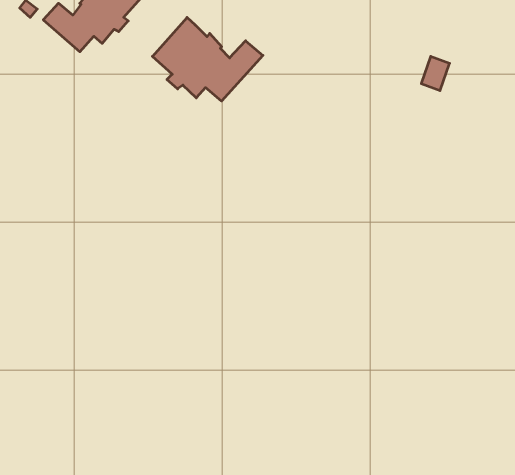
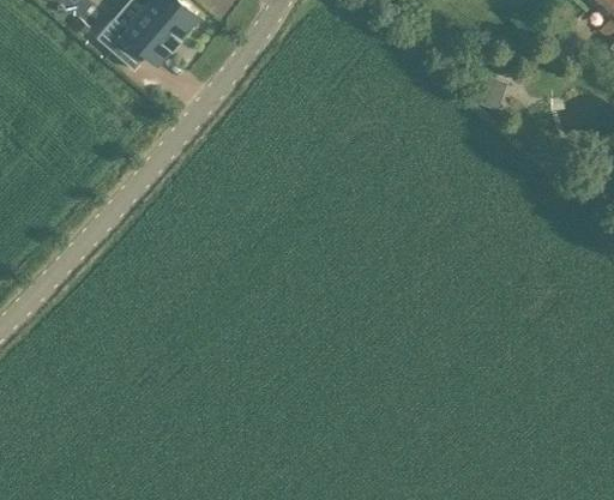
building: [152,17,263,101] -> none

